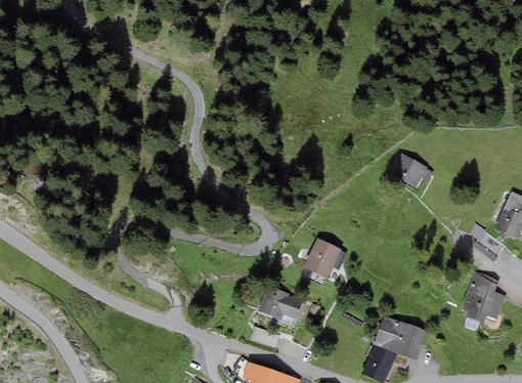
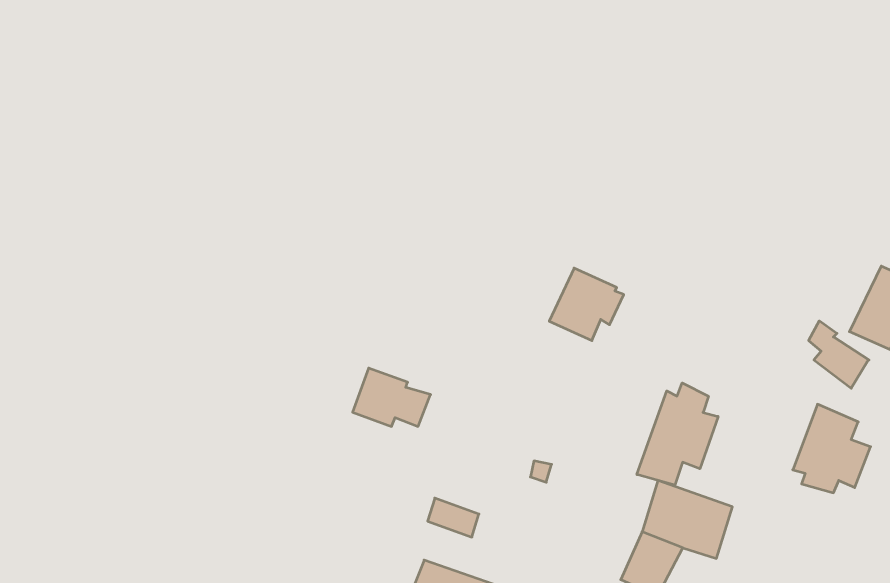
building: [389,153,433,187] -> none
building: [303,238,346,280] -> [549,268,624,341]
building: none -> [637,383,718,485]
building: [258,286,303,320] -> [353,368,431,426]

